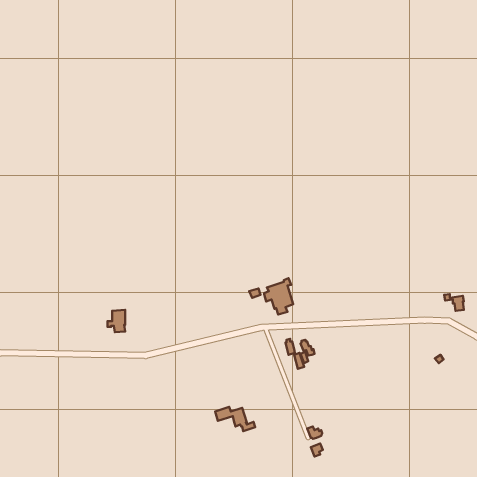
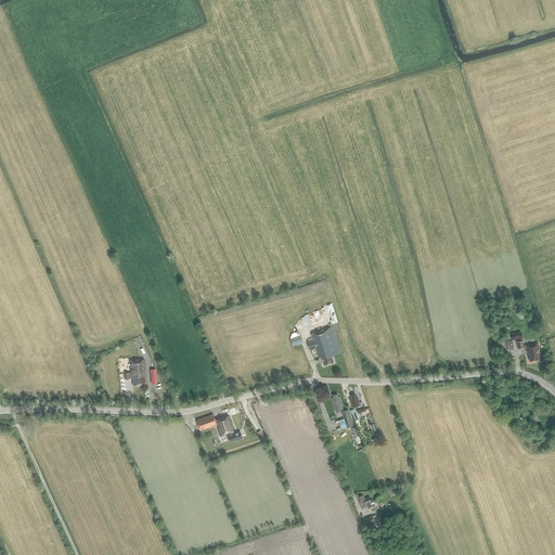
building: [215,407,255,431] -> [196,414,243,442]

